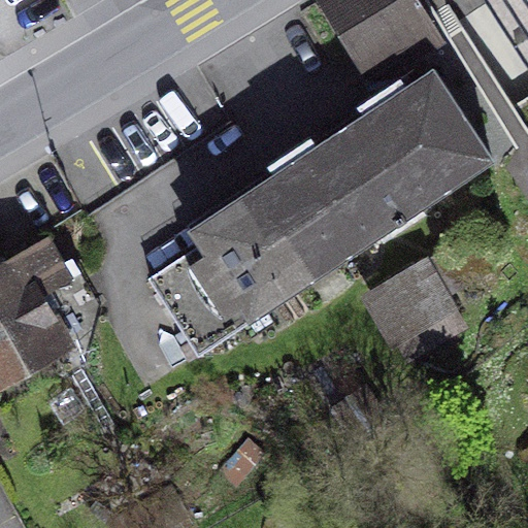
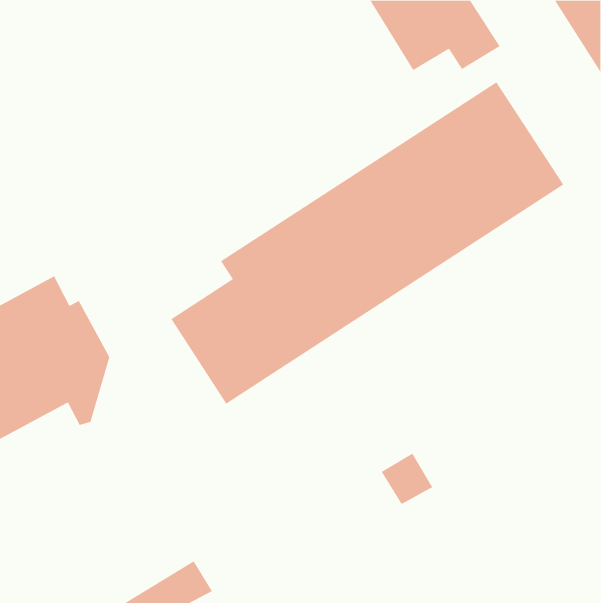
building: [365,256,456,351] -> none

